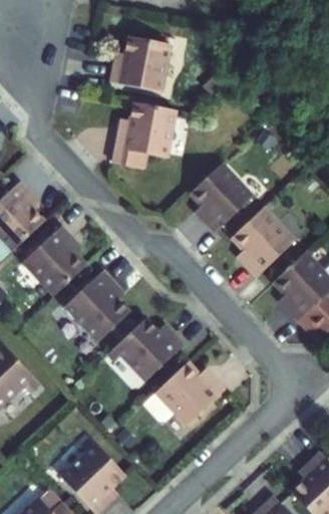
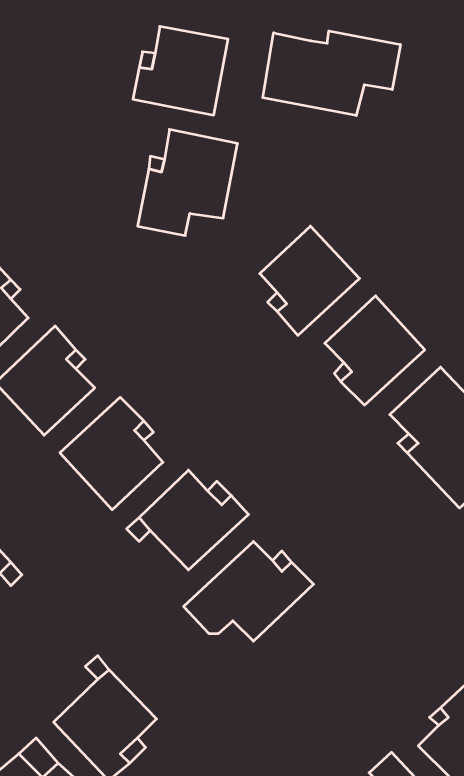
building: none -> [263,31,400,116]

